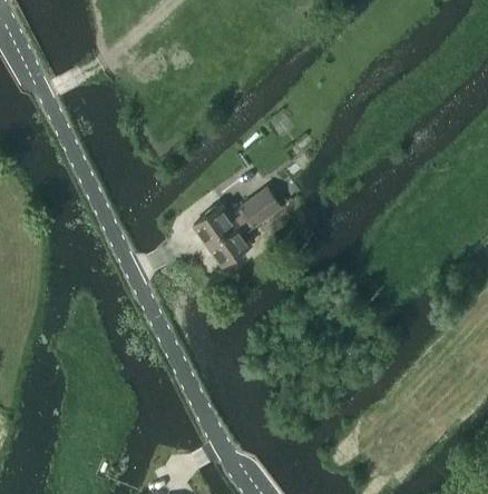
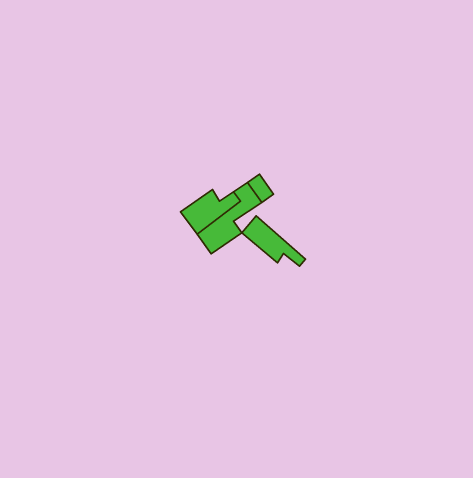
building: none -> [242,216,306,266]

